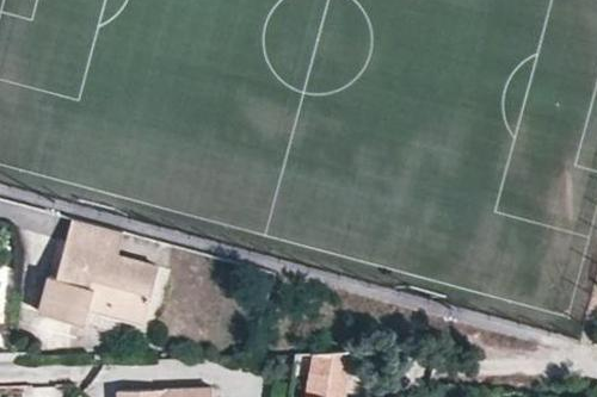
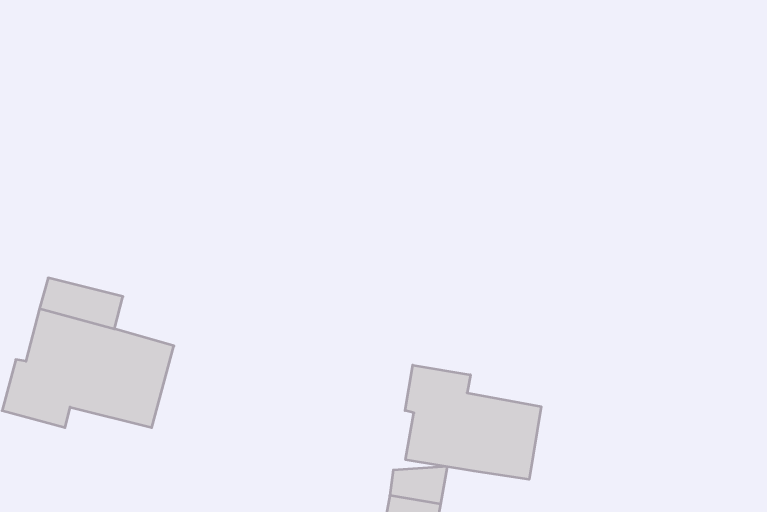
building: none -> [405,365,541,479]

